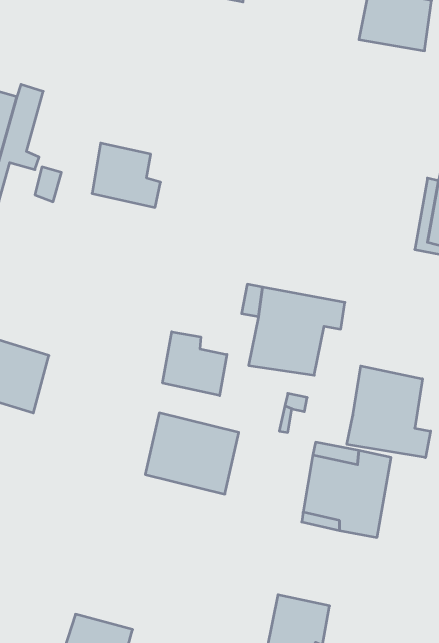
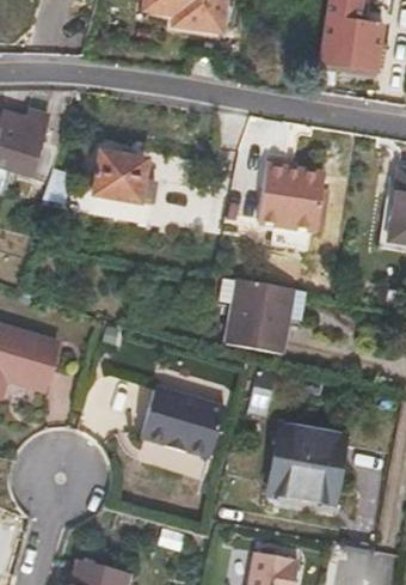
building: none -> [256,150,325,223]
building: [163,332,227,396] -> none
building: [347,366,431,458] -> none

